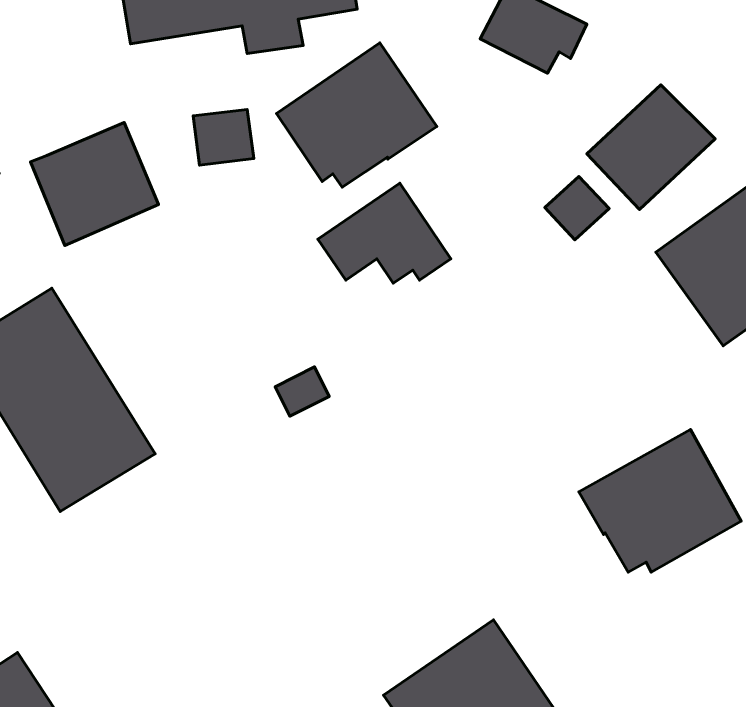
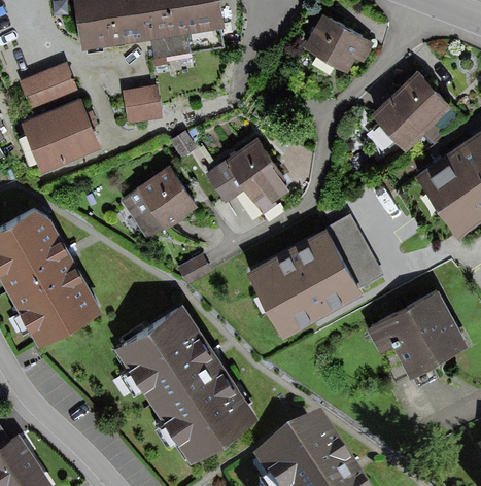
building: [277,43,437,187] -> none
building: none -> [20,67,81,119]
building: [545,176,609,240] -> none
building: none -> [127,164,196,232]
building: none -> [247,219,382,340]
building: none -> [112,301,252,457]

